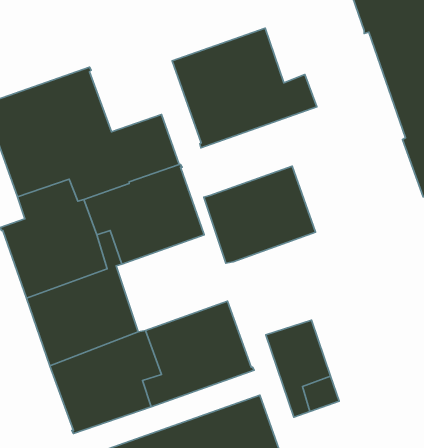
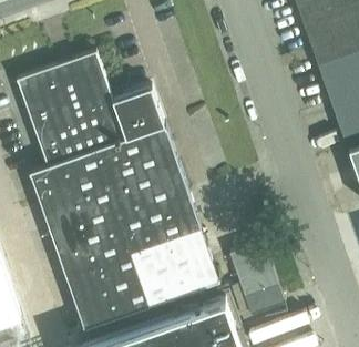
building: [172,28,317,148] -> none
building: [204,166,316,263] -> [117,181,202,254]

